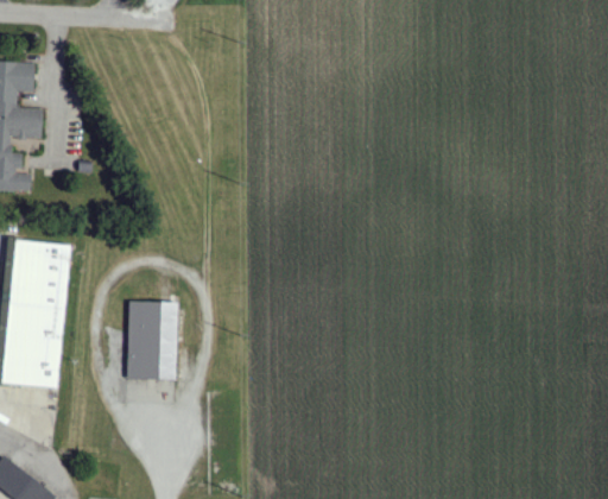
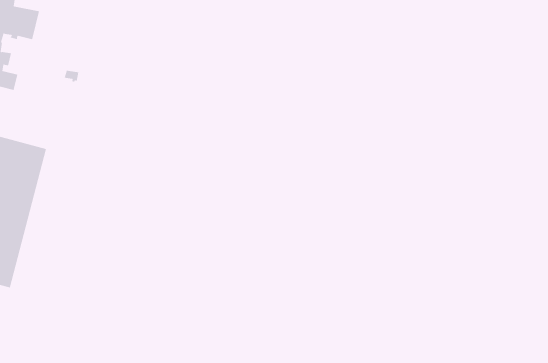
building: [125,301,176,380] -> none

